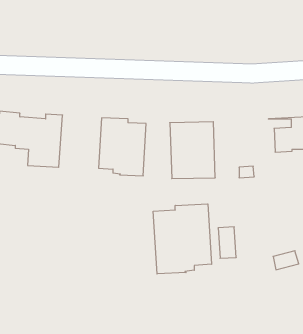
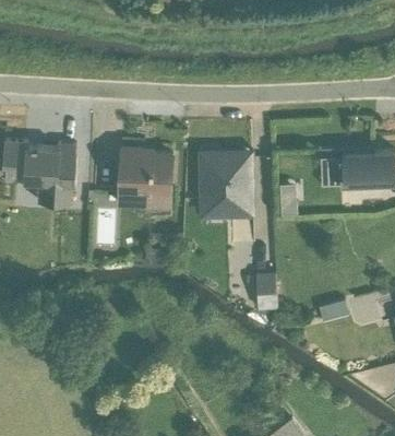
building: [153,204,212,274] -> none

